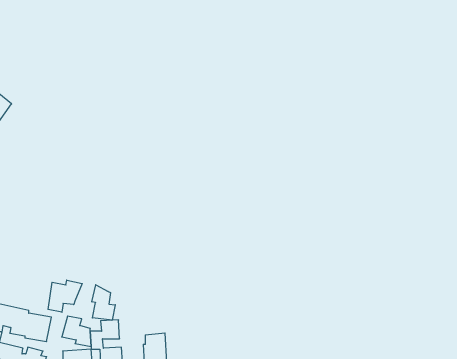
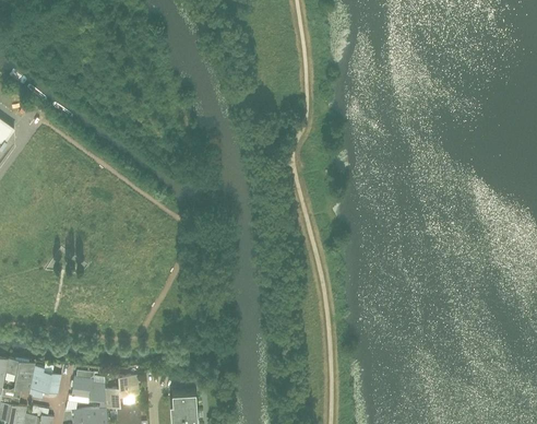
building: [48,280,82,312] -> none
building: [92,285,115,320] -> none

